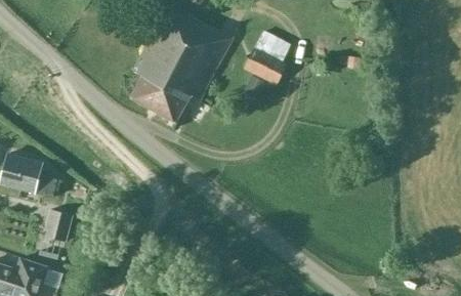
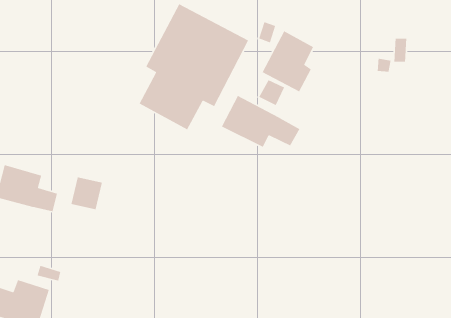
building: none -> [221,95,300,148]
building: [43,211,73,242] -> [70,177,103,210]

